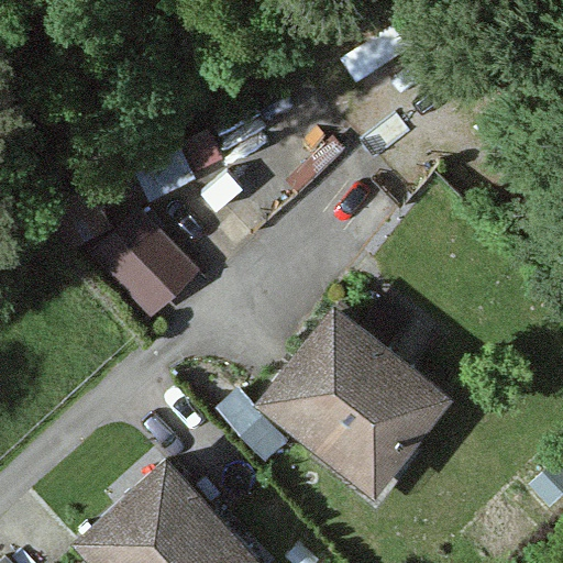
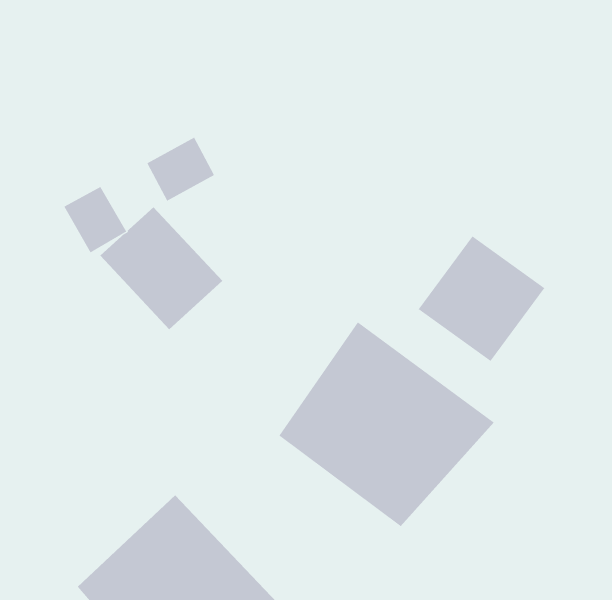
building: none -> [418,235,545,362]

